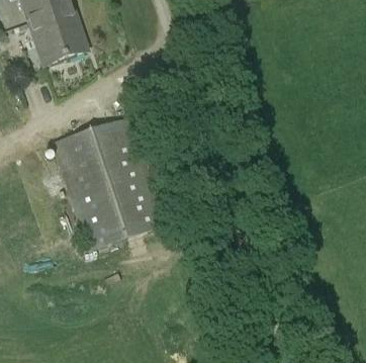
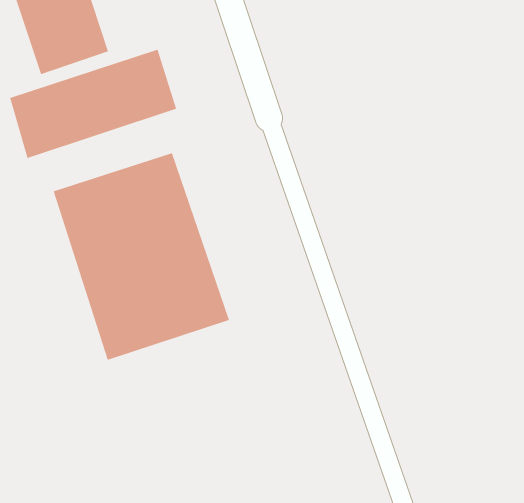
building: none -> [9,49,177,159]

